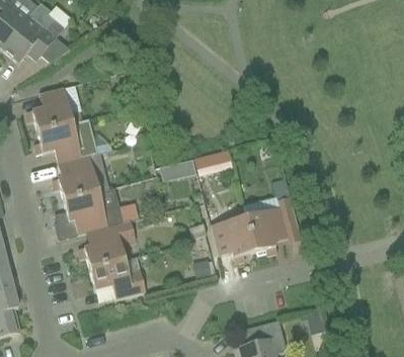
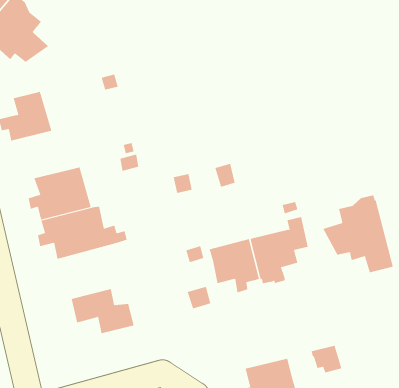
building: [33,118,97,163] -> none
building: none -> [323,195,393,273]
building: [77,219,136,268] -> none

